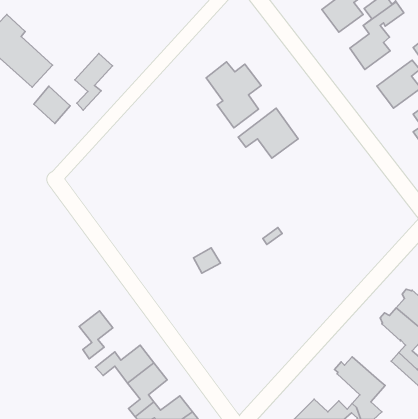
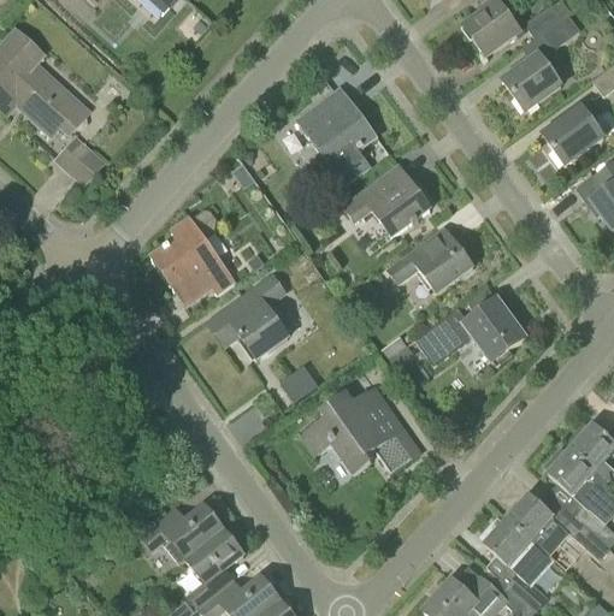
building: [75,54,113,110] -> none
building: none -> [152,209,236,294]
building: none -> [386,226,473,294]
building: none -> [206,274,287,357]
building: none -> [414,297,525,365]
building: none -> [300,385,420,475]
building: [79,311,113,359] -> none
building: none -> [506,494,555,552]

